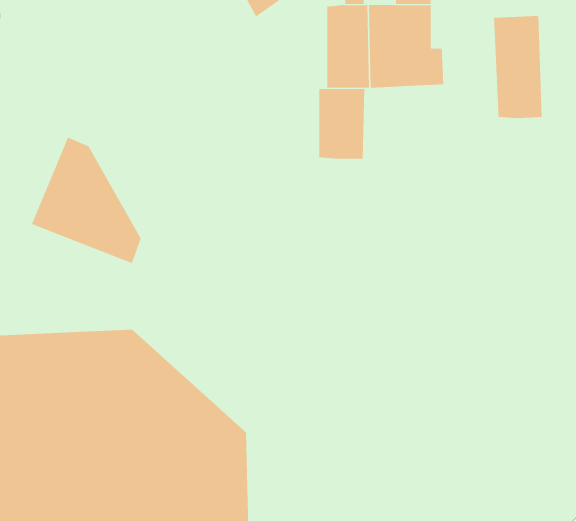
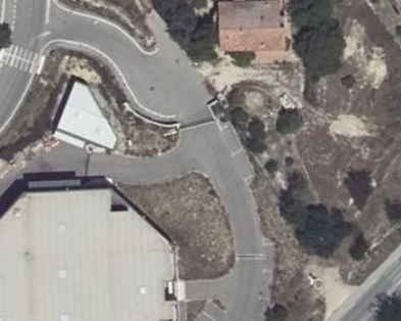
building: [493,15,542,119] -> none
building: [319,88,365,159] -> none

